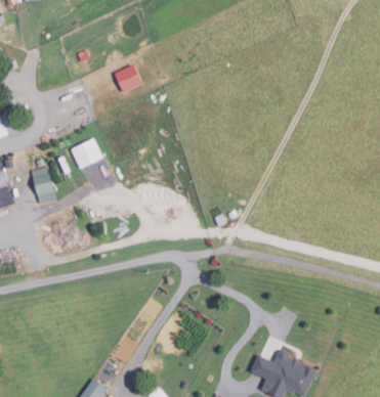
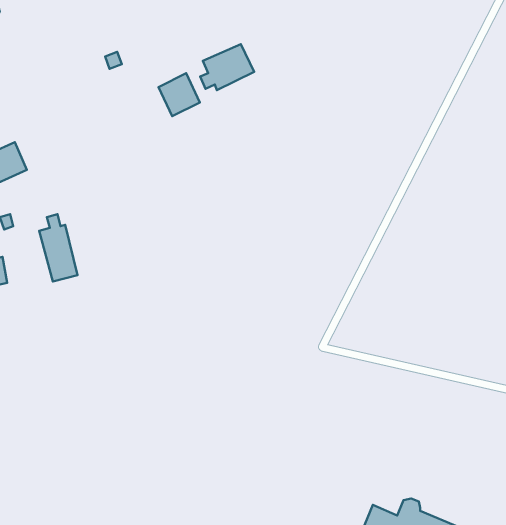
building: none -> [200,44,254,90]
building: [73,138,105,169] -> none

